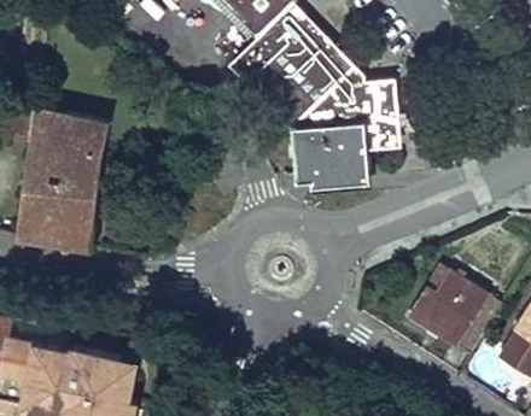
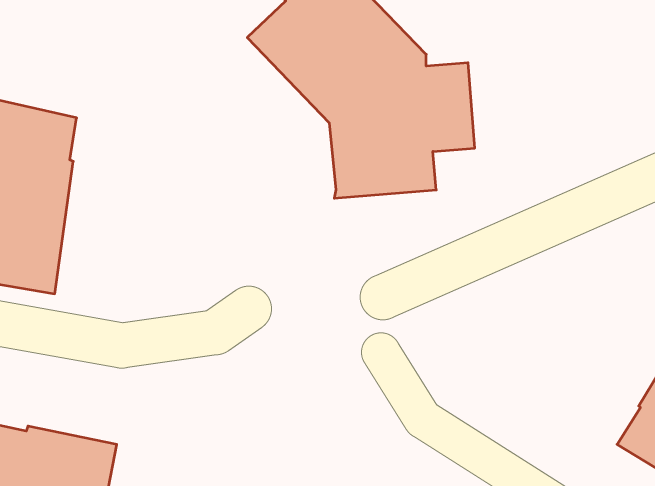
building: [409,269,502,357] -> none

